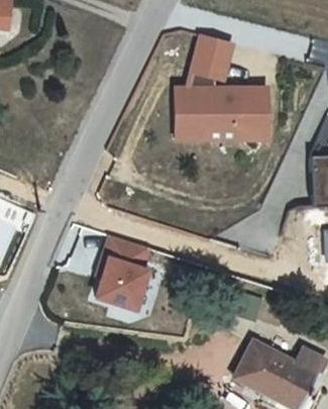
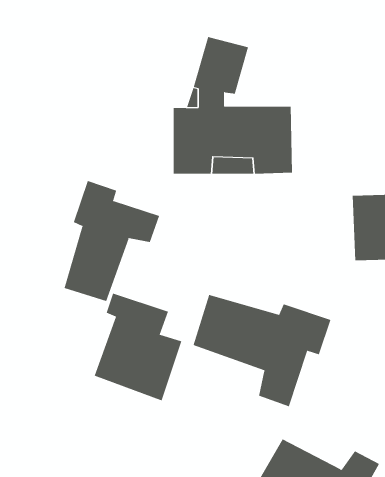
building: none -> [64,180,160,302]
building: none -> [193,294,331,407]

